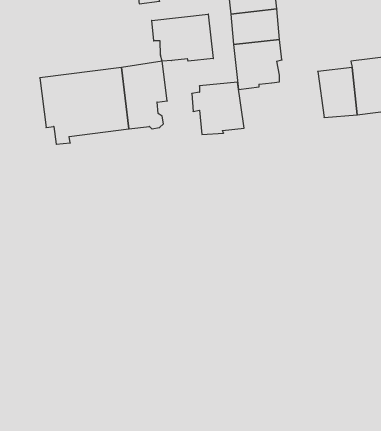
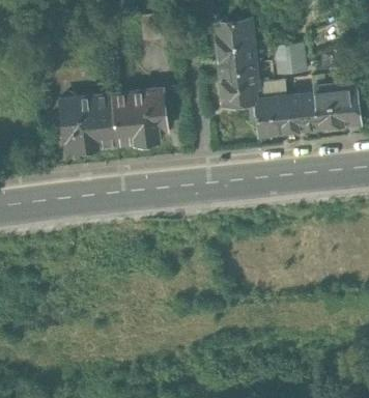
building: none -> [276,44,307,75]
building: [152,14,213,61] -> none
building: [192,82,244,134] -> [250,95,292,138]

